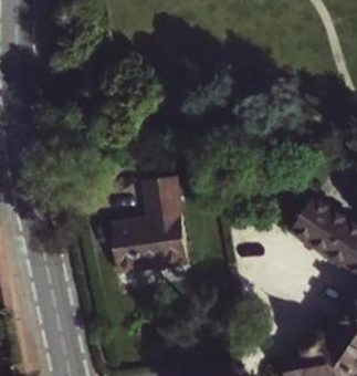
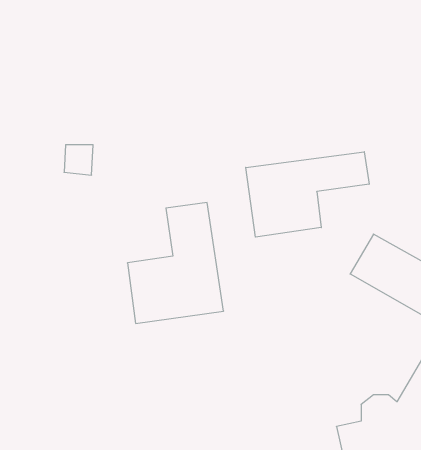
building: none -> [246,152,369,237]

